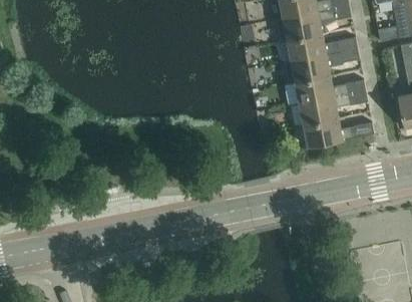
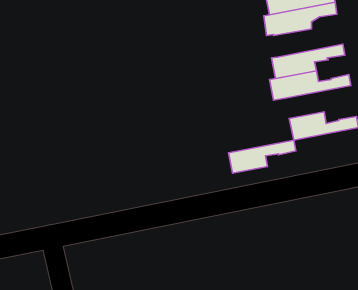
building: [288,34,359,62] -> none
building: [300,91,369,125] -> [228,140,296,173]

